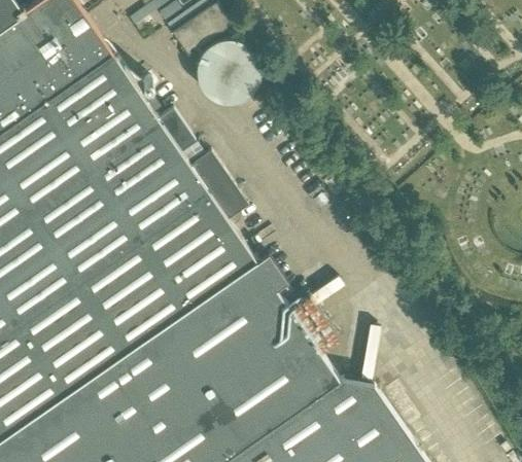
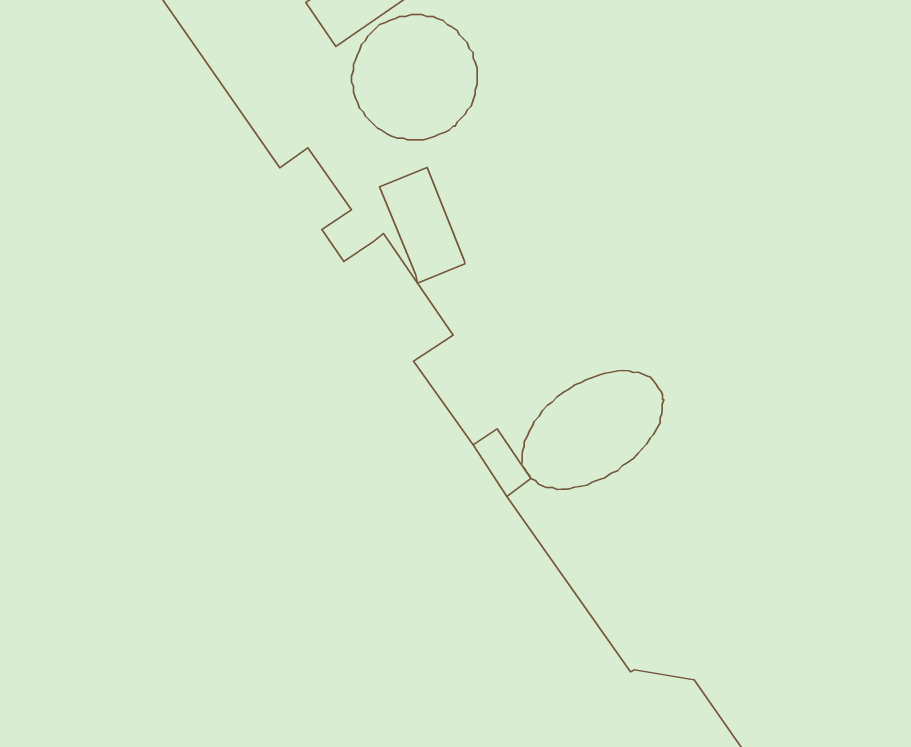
building: none -> [380,168,465,283]
building: none -> [522,370,664,490]

